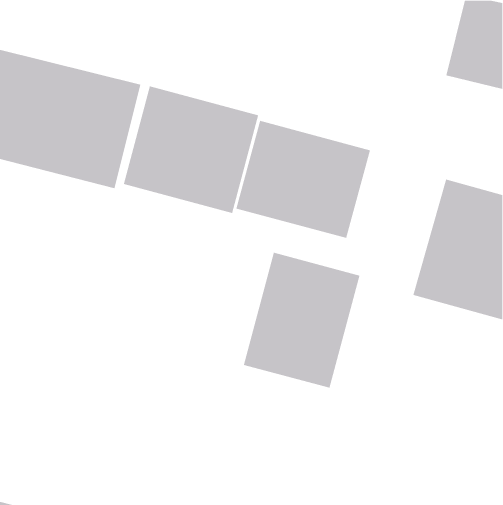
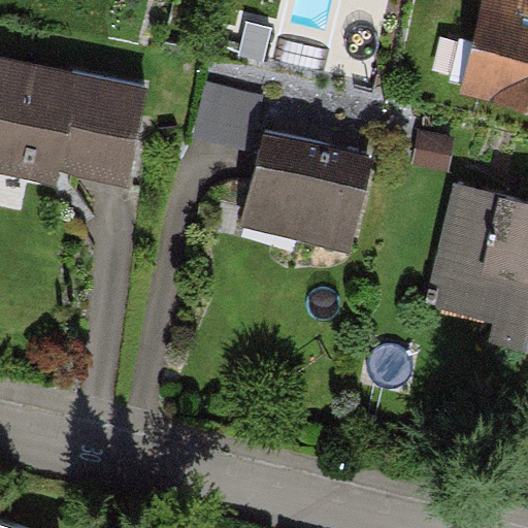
building: [123,85,259,214] -> none
building: [243,252,360,388] -> none

